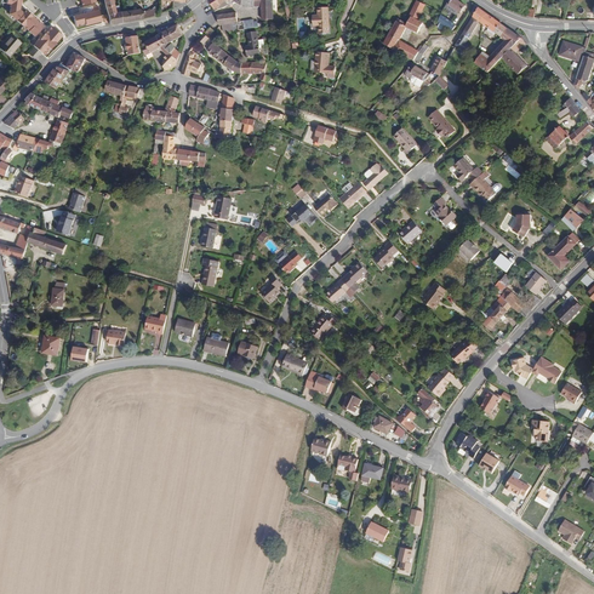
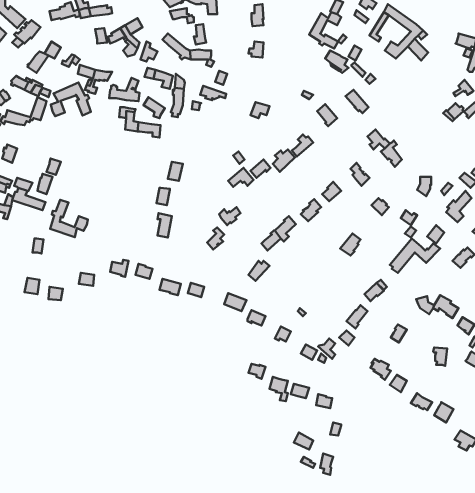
building: none -> [51,83,91,116]
building: none -> [50,200,88,237]

